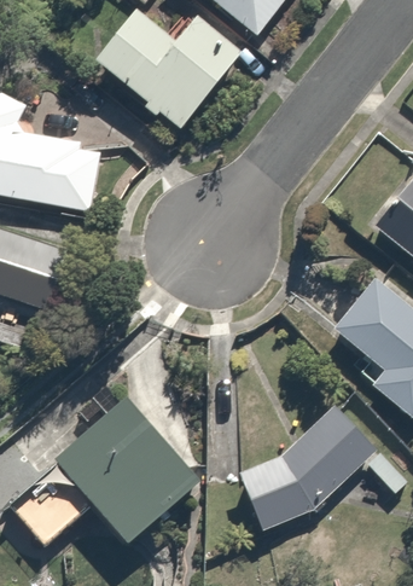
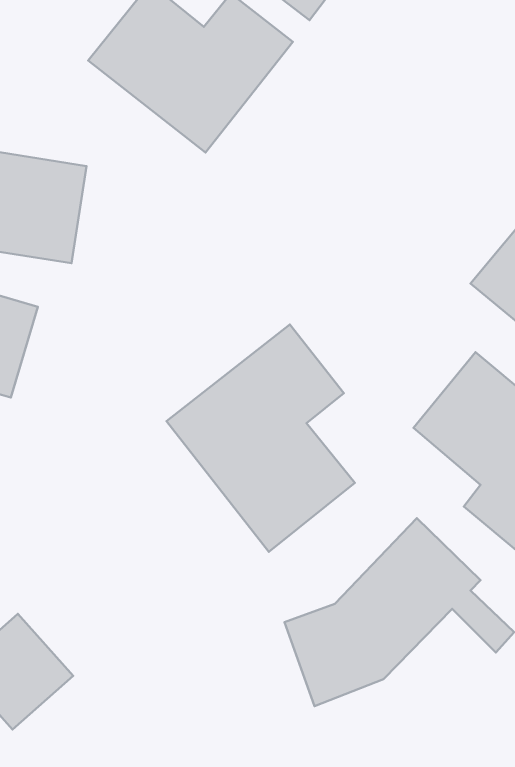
building: none -> [167,324,355,552]
building: [54,396,208,551] -> none

